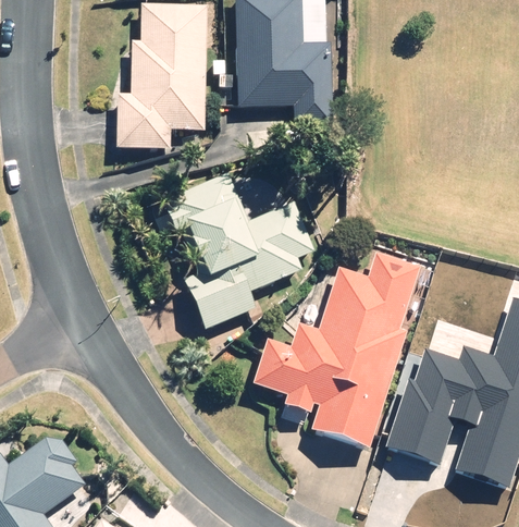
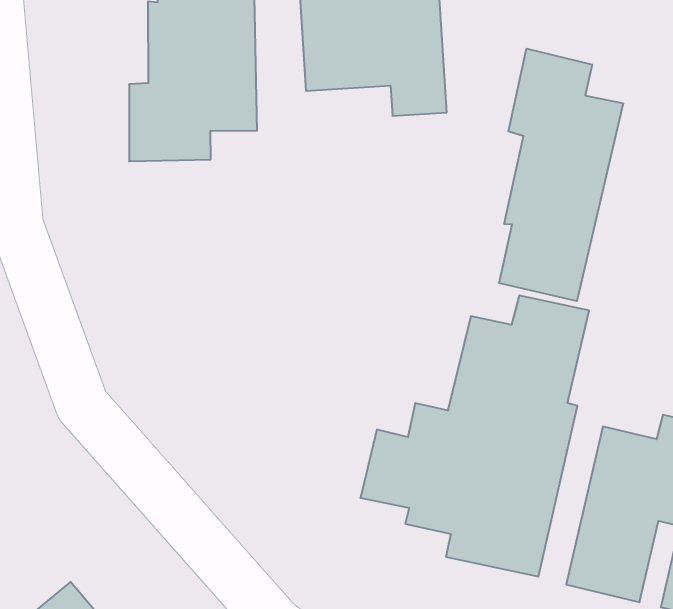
building: none -> [499,49,623,301]
building: [149,171,313,326] -> none

